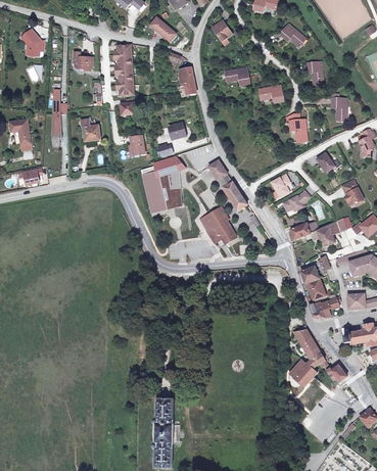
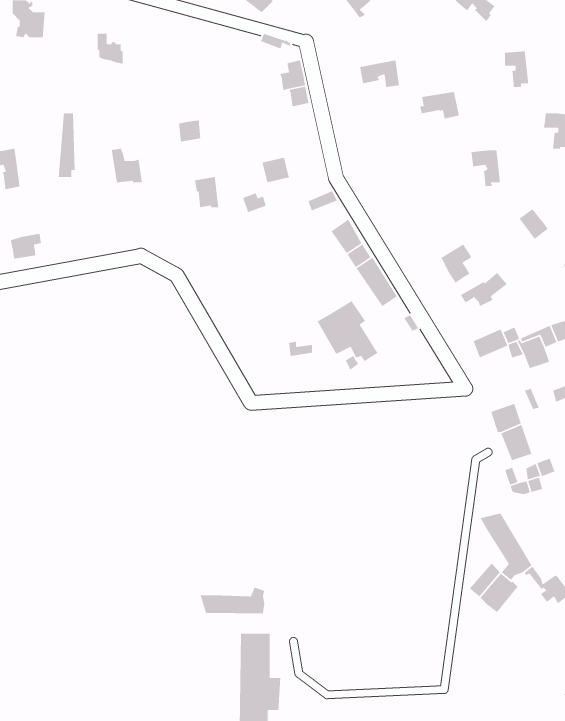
building: [114,45,133,96] -> none
building: [141,156,185,208] -> none
building: none -> [199,586,266,614]

